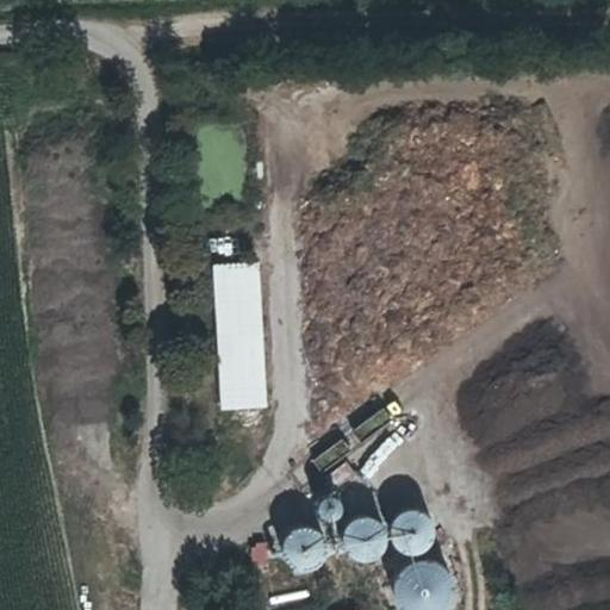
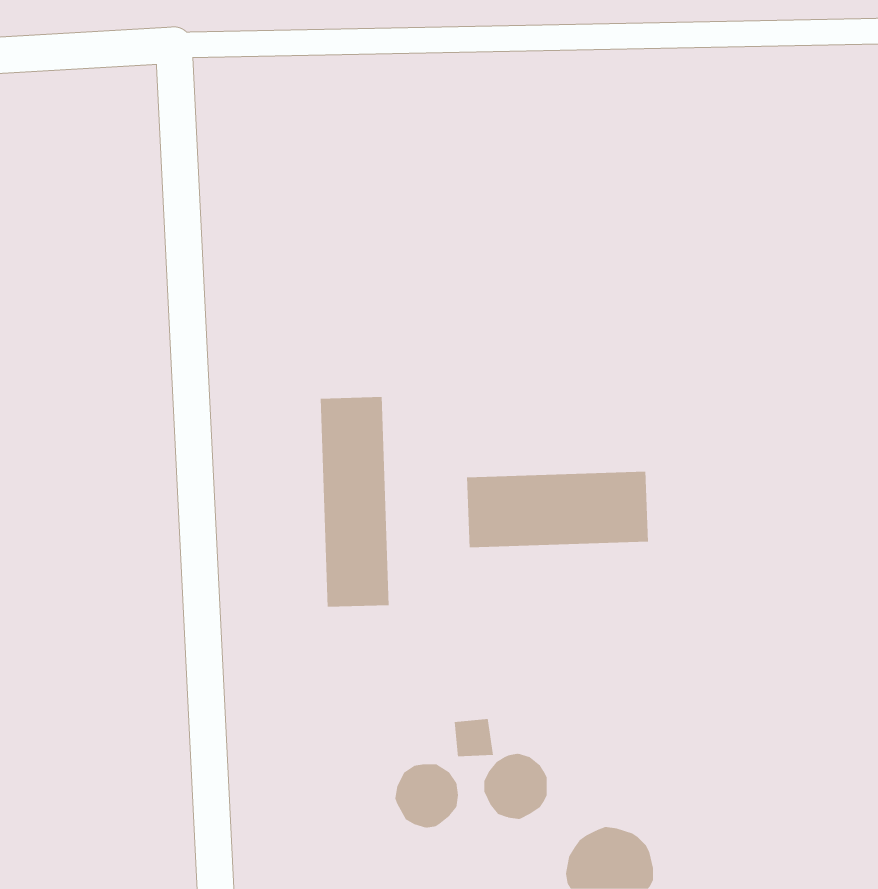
building: none -> [467,471,648,548]
building: [380,511,424,555] -> none

